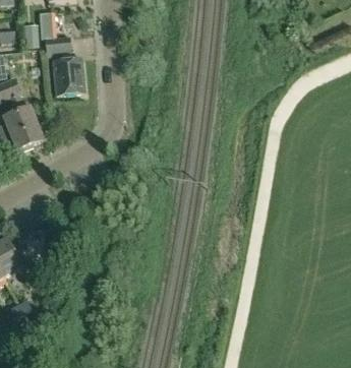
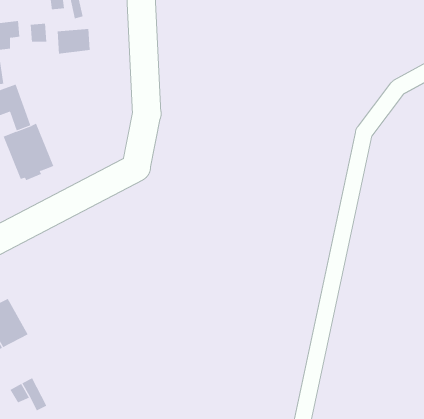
building: [52,58,83,95] -> none

